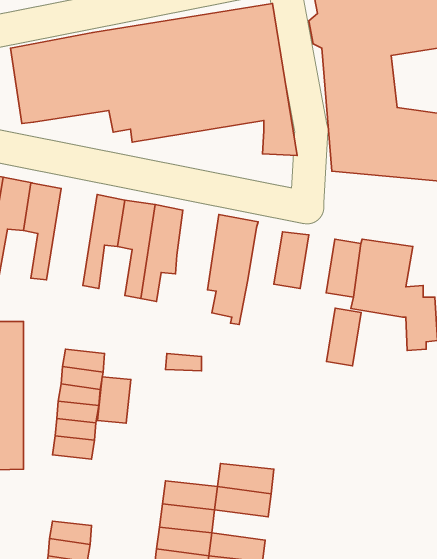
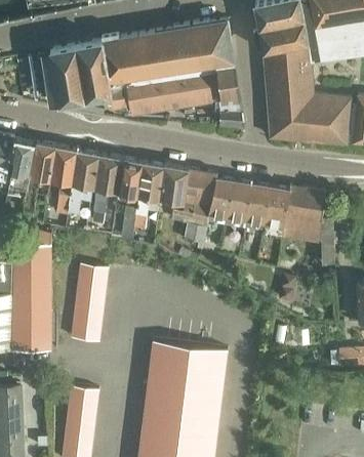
building: none -> [67,152,97,217]
building: none -> [159,166,189,223]
building: none -> [209,179,234,219]
building: [326,308,361,366] -> [246,184,271,225]
building: [98,377,131,423] -> none
building: none -> [151,341,190,363]
building: none -> [184,379,224,401]

